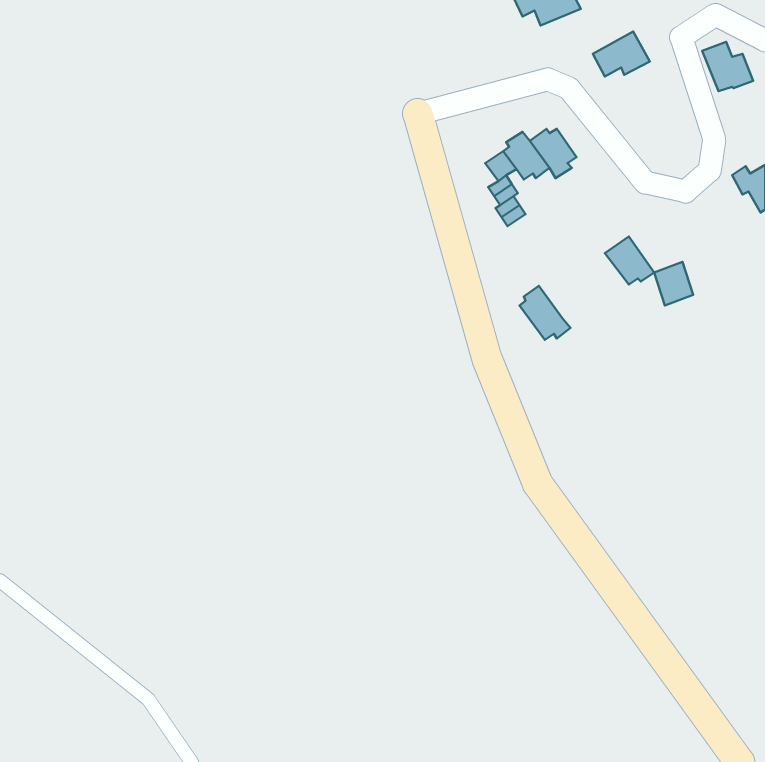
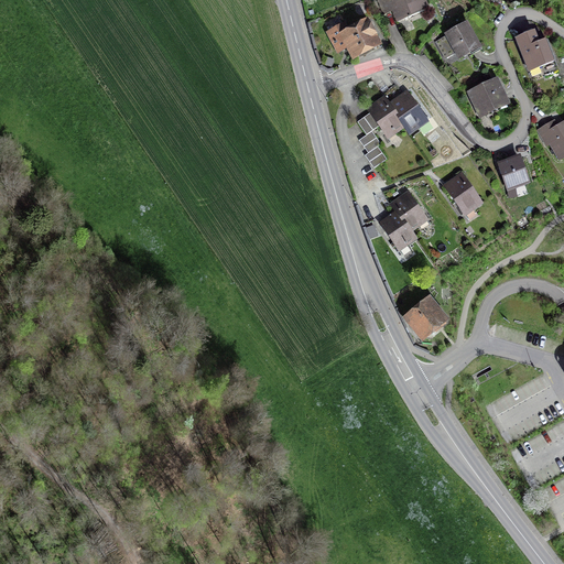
building: none -> [329,20,376,53]
building: none -> [470,78,507,113]
building: [654,262,693,305] -> [499,155,528,187]
building: none -> [392,194,429,235]
building: none -> [409,300,443,335]

